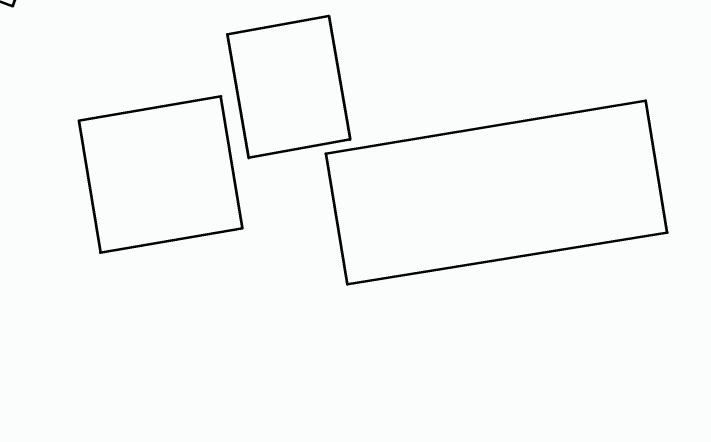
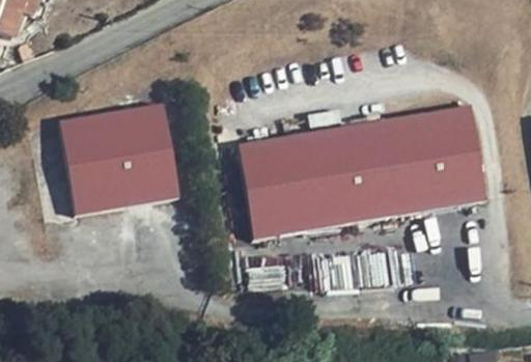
building: [227,16,350,158] -> none

